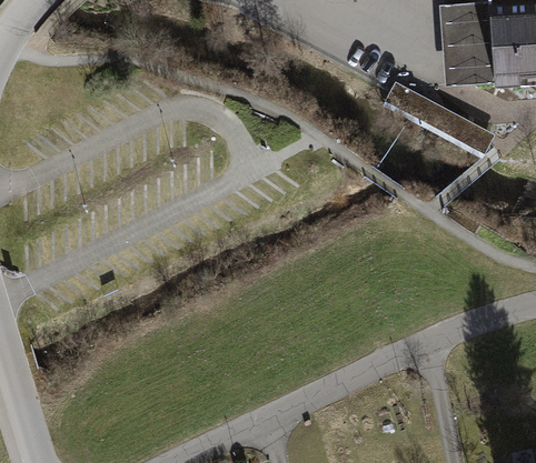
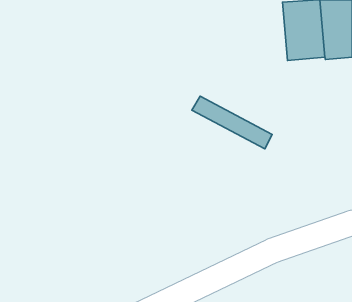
building: [385,82,495,154] -> [192,96,272,149]

